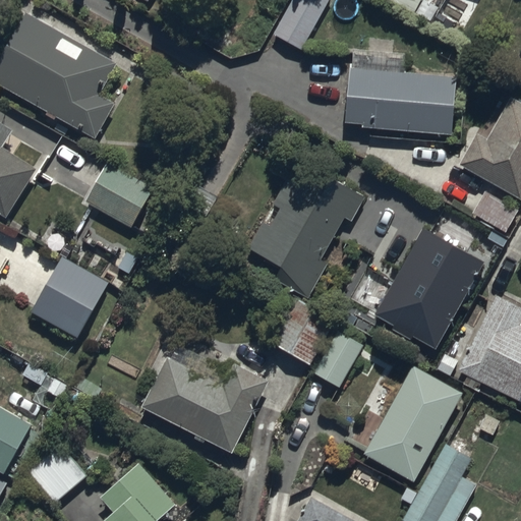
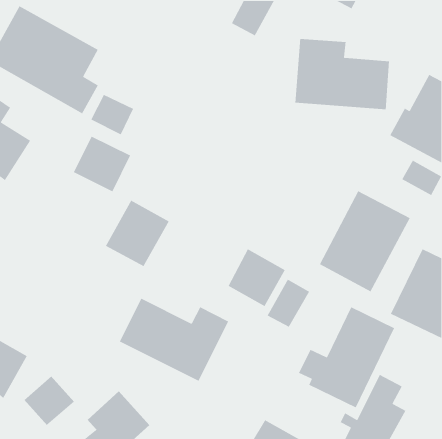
building: none -> [90,94,134,135]
building: [247,160,365,301] -> none
building: [32,259,108,339] -> [105,199,170,267]

